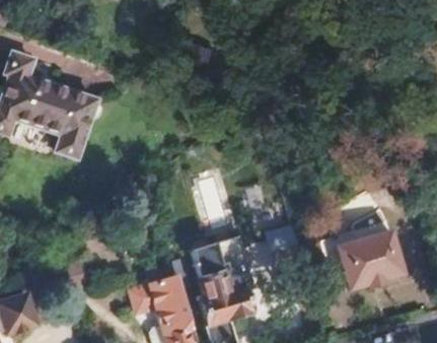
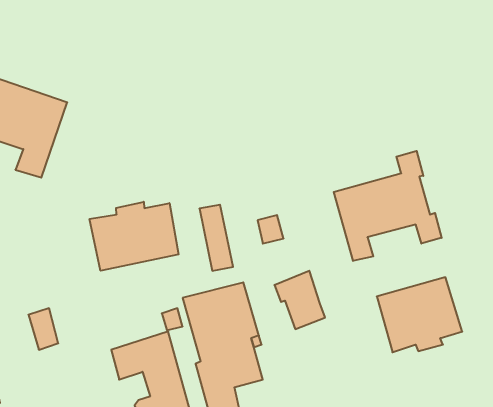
building: none -> [334,151,442,261]
building: none -> [90,202,179,271]

